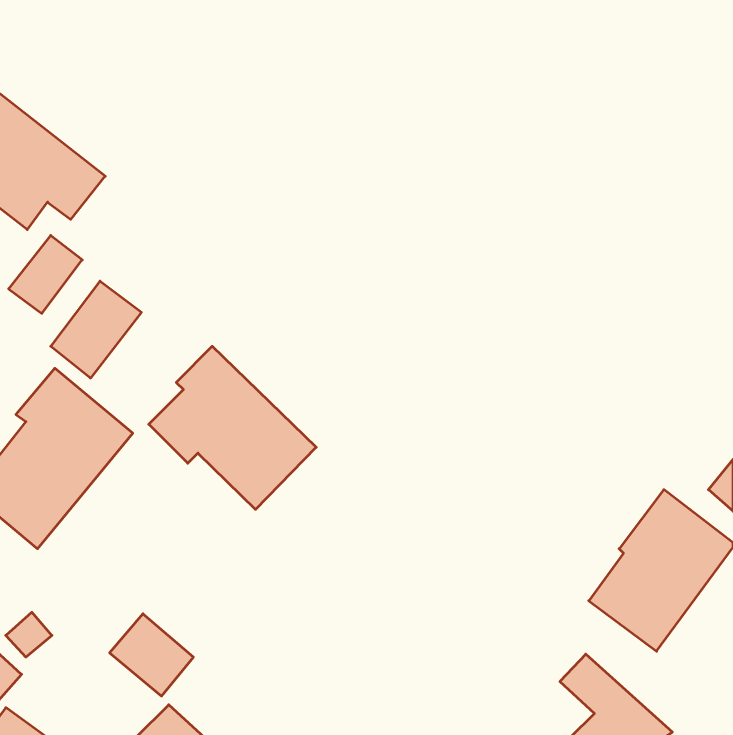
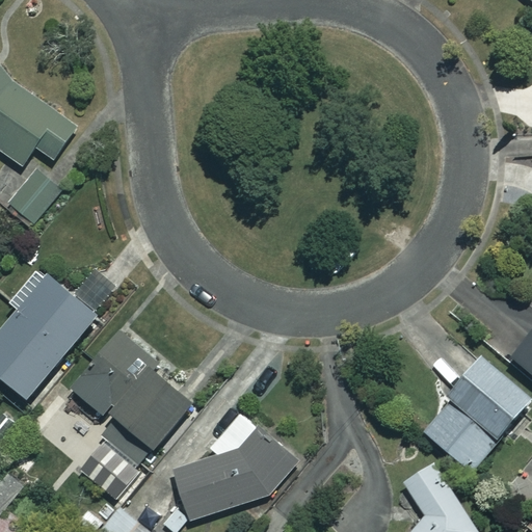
building: [51,281,141,378] -> none
building: [149,346,316,509] -> [73,331,193,449]
building: none -> [169,431,292,522]

